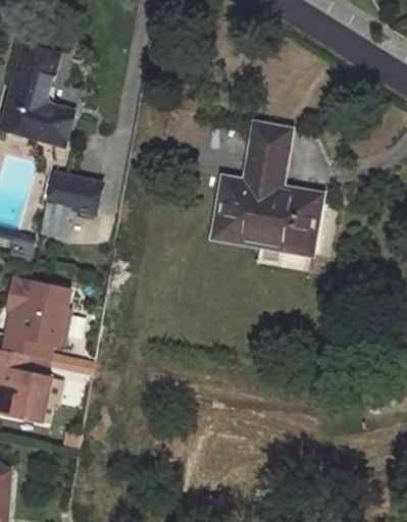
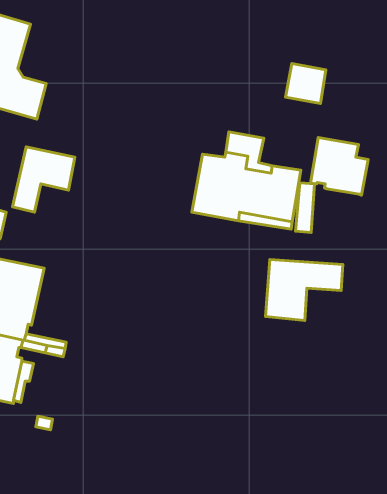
building: [250,125,289,164] -> [286,63,326,104]
building: none -> [310,138,368,195]
building: none -> [265,260,343,320]

